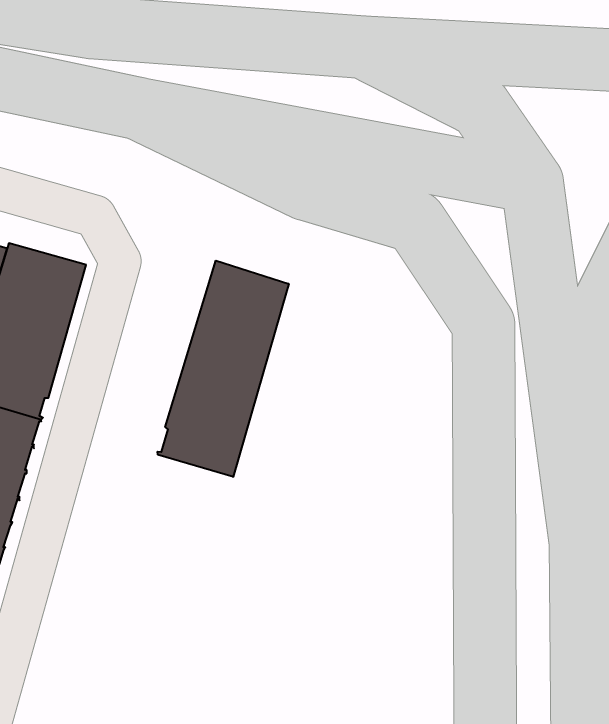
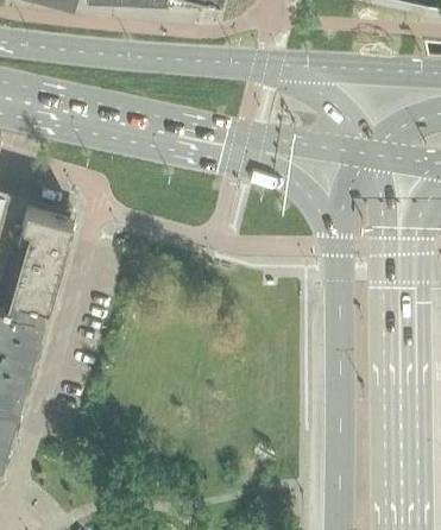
building: [158,261,289,477] -> none

